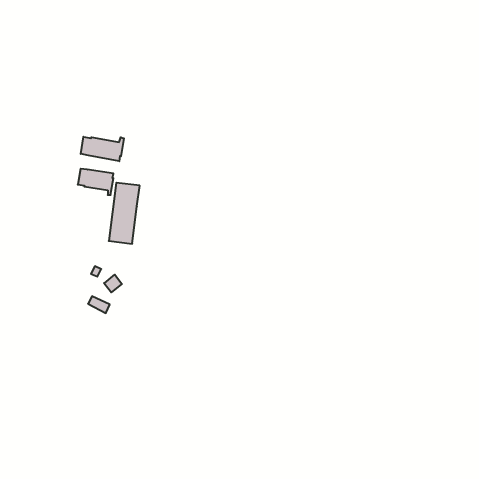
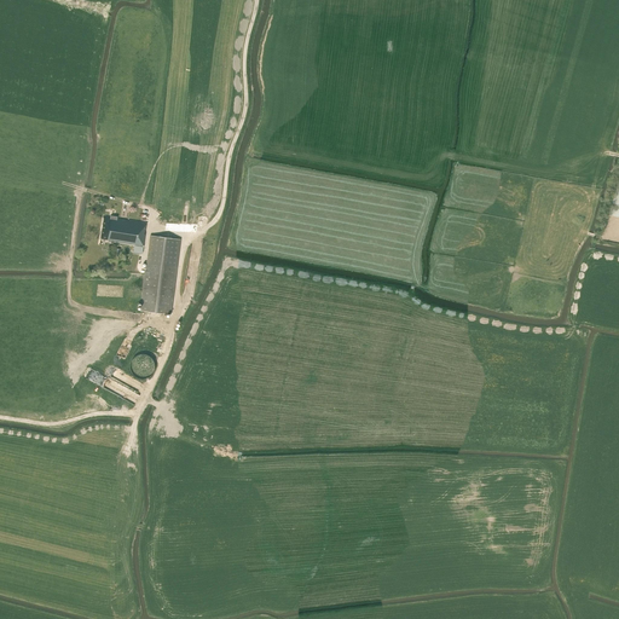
building: [81,137,124,161] -> none

